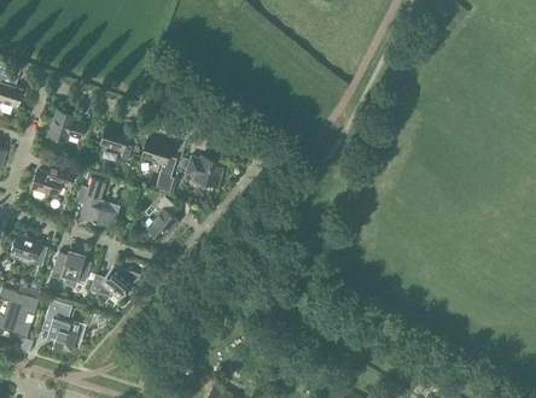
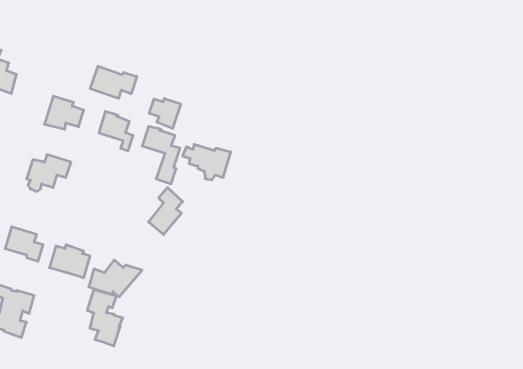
building: none -> [90,66,137,98]
building: none -> [149,98,181,129]
building: [74,178,116,227] -> none
building: [45,299,78,352] -> [87,290,123,346]

